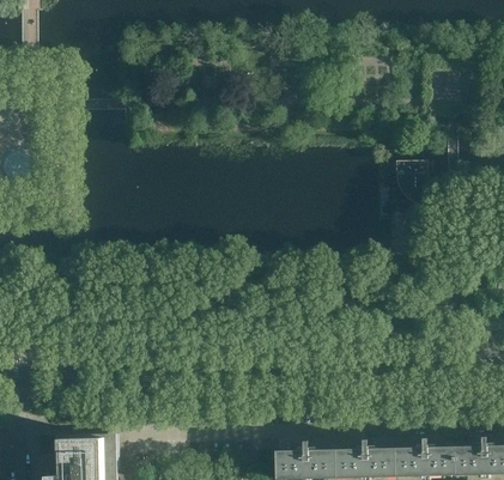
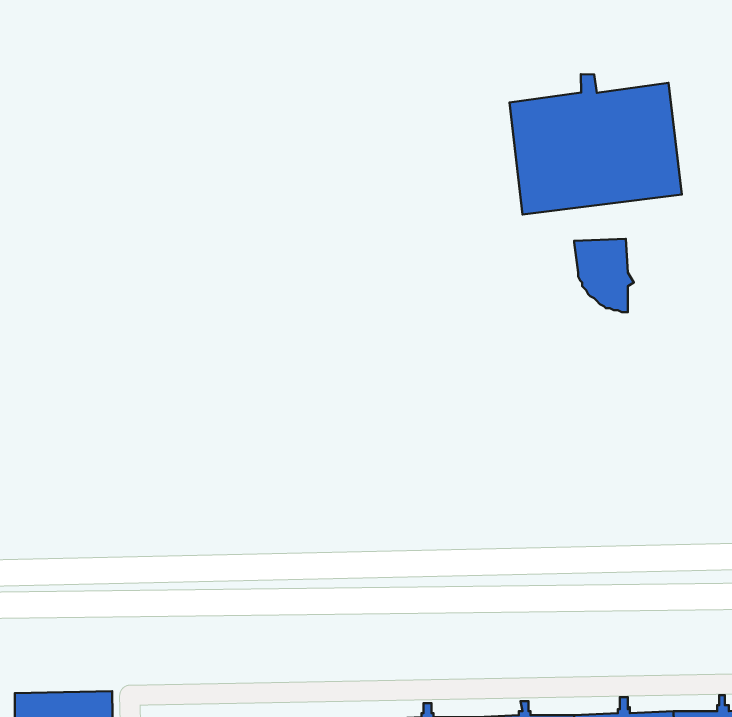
building: none -> [509,74,682,214]

